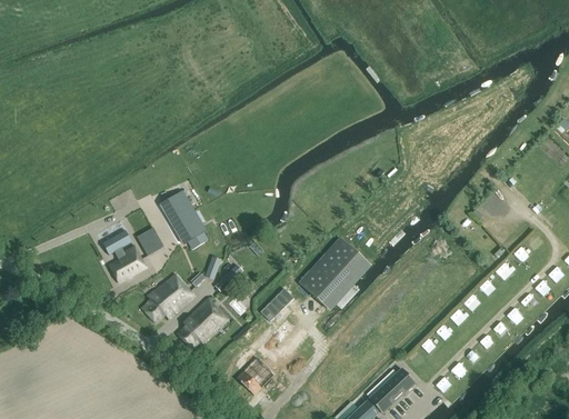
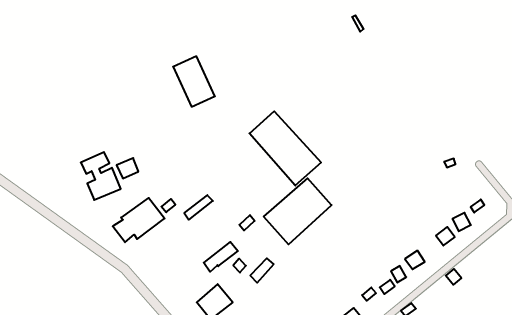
building: none -> [249,111,321,186]
building: [160,190,207,243] -> [173,56,215,107]
building: [177,299,228,349] -> none

